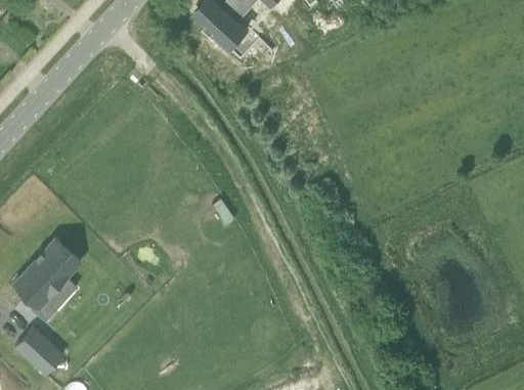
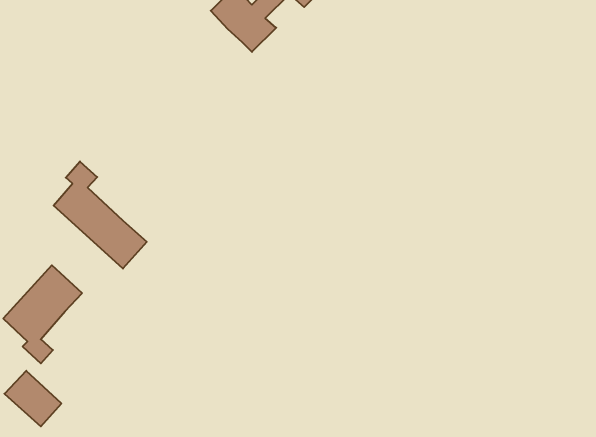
building: none -> [54,161,147,269]

